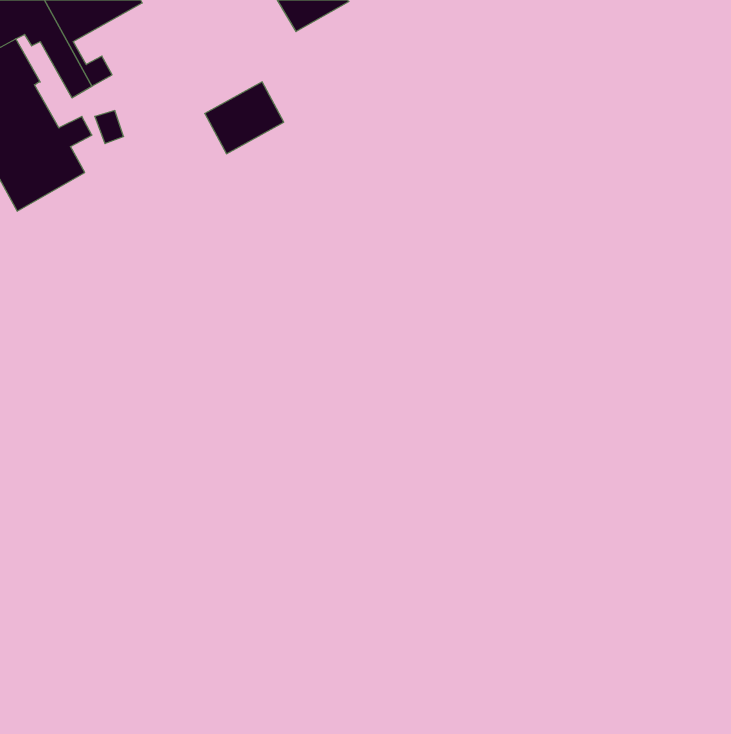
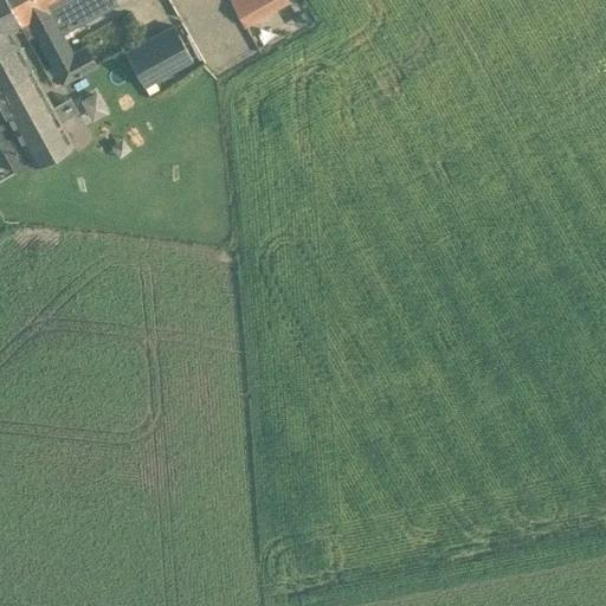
building: [205,82,284,154] -> [124,26,189,85]

